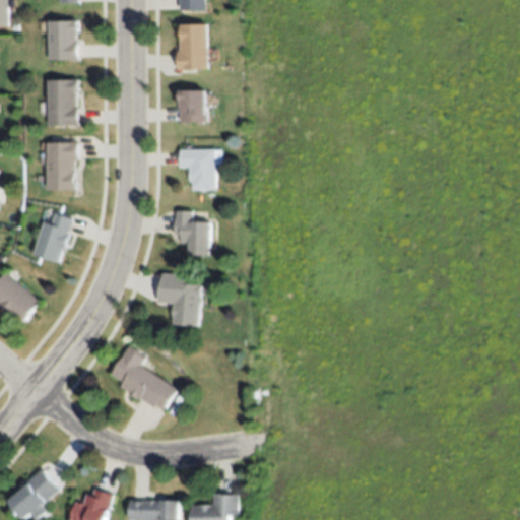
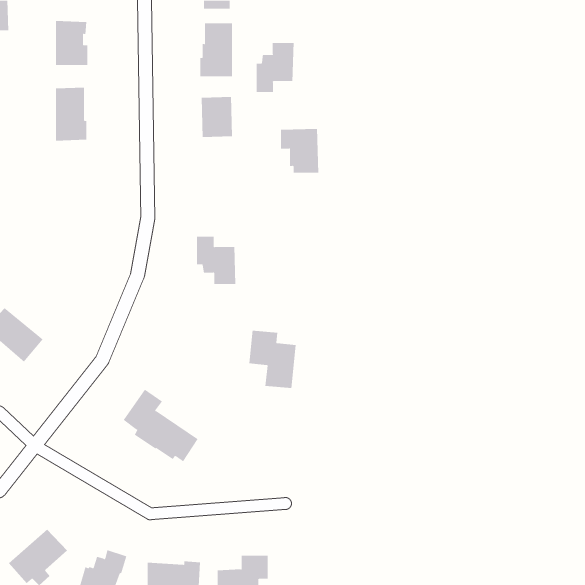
building: none -> [256,42,294,93]
building: [47,141,79,191] -> none
building: [180,148,214,188] -> [280,129,319,173]
building: [34,211,72,261] -> none
building: [157,271,200,323] -> [248,330,297,389]

